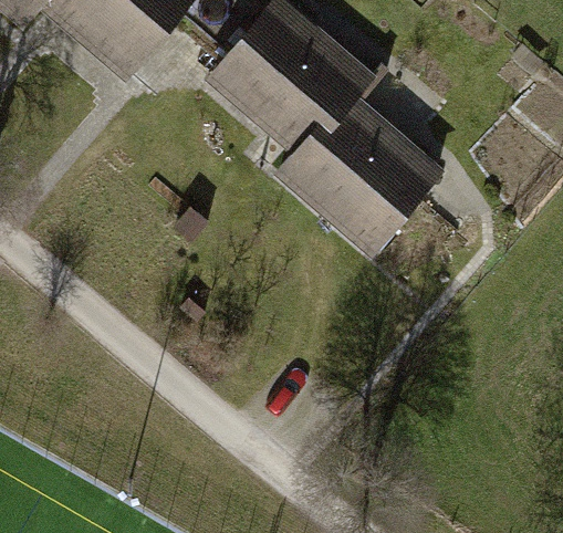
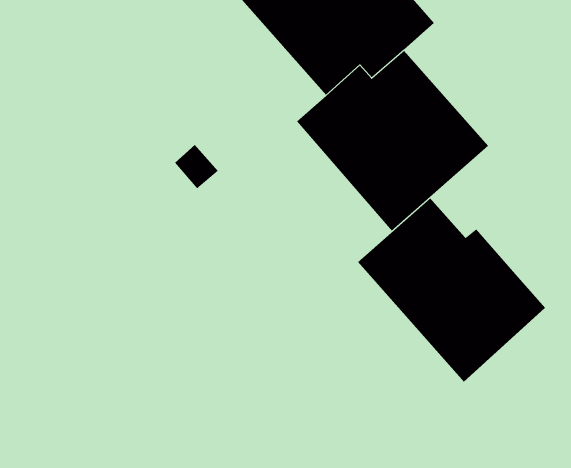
building: none -> [357,198,546,382]

